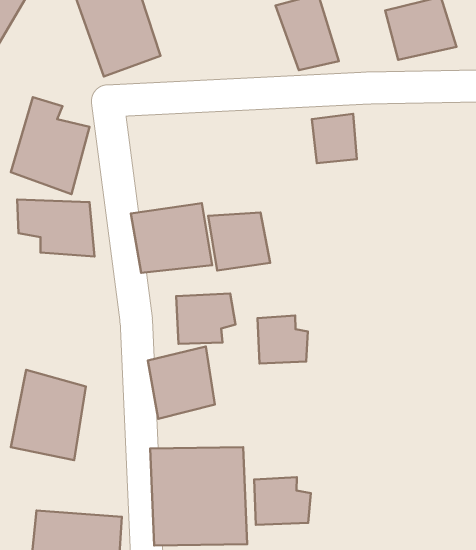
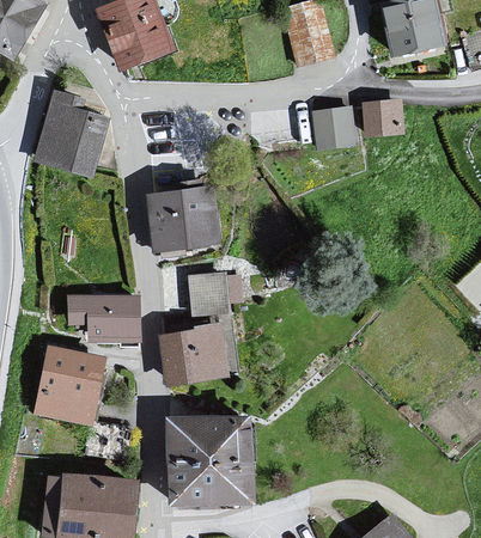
building: none -> [361,102,404,134]
building: [17,200,95,256] -> [67,293,139,346]
building: [208,212,270,270] -> none
building: [258,316,308,364] -> none
building: [254,477,311,525] -> none

